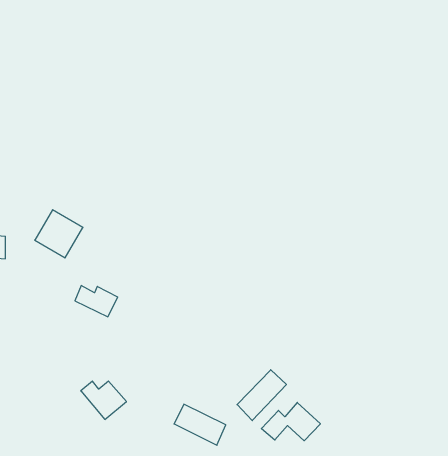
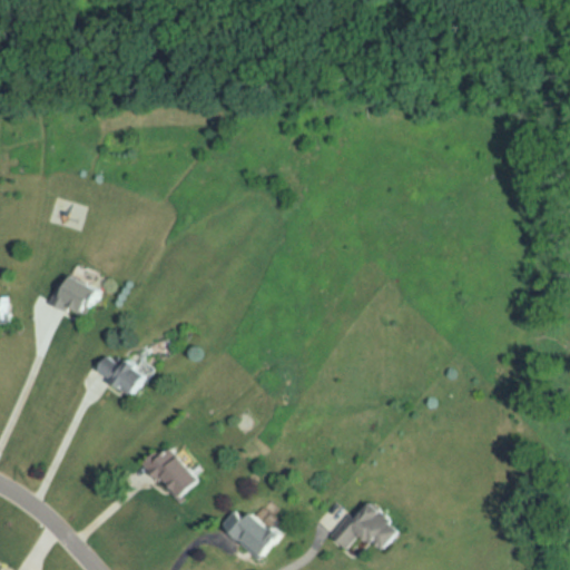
building: [237,370,286,421] -> none
building: [81,381,126,419] -> [146,455,203,503]

